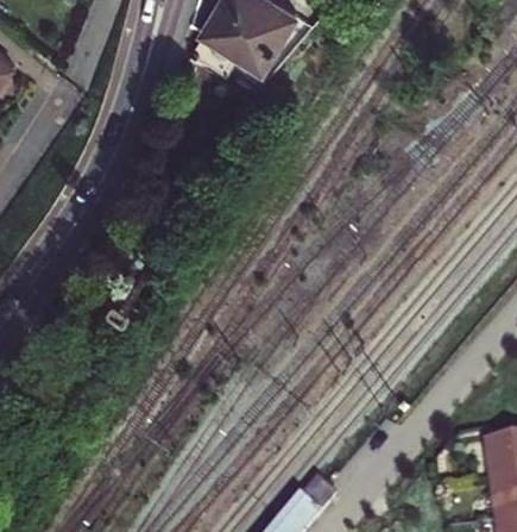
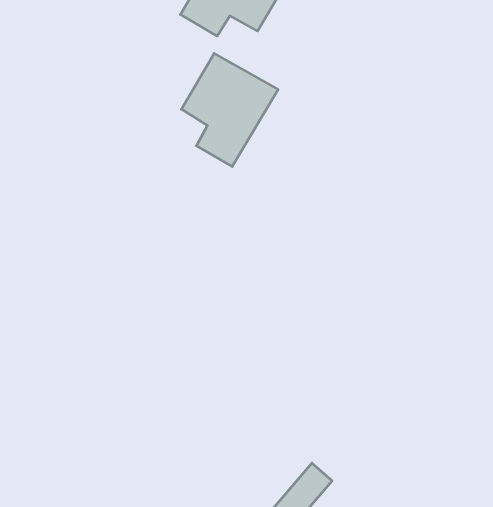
building: none -> [181,53,278,167]

